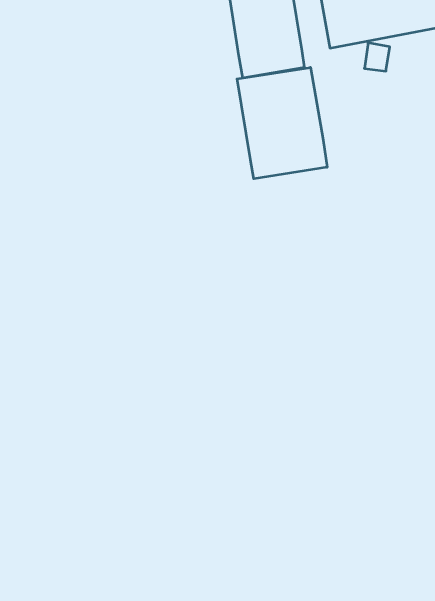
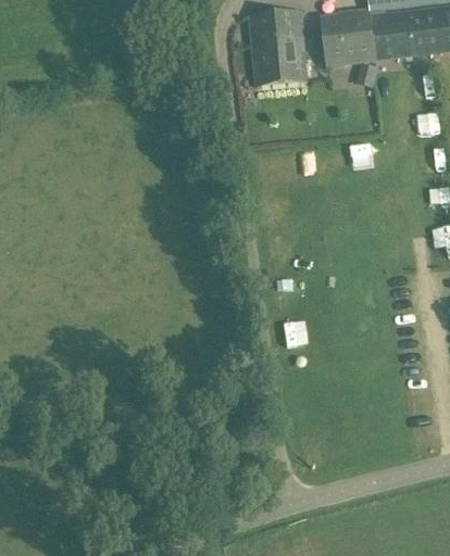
building: [237,67,327,179] -> none

